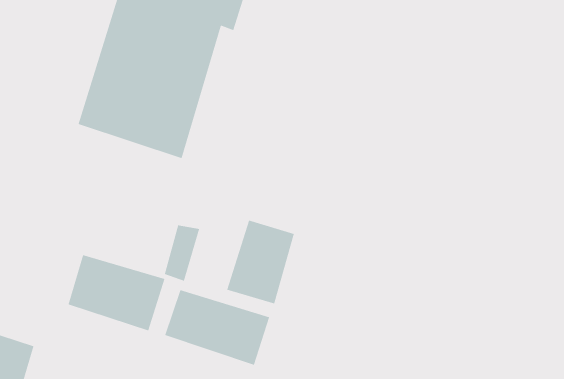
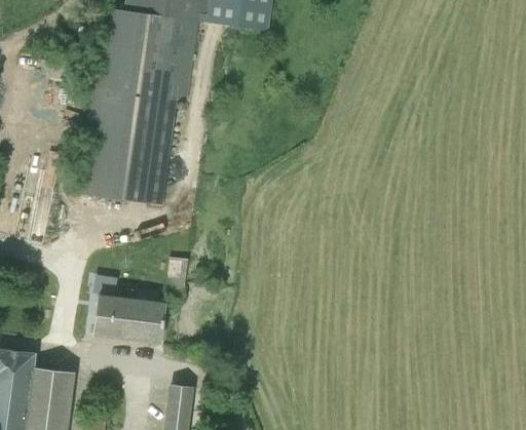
building: [226,219,295,304] -> none
building: [164,289,270,366] -> none

